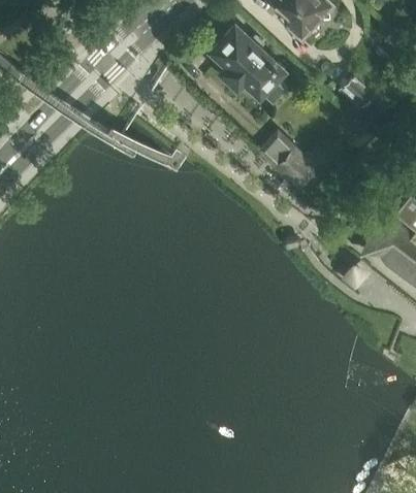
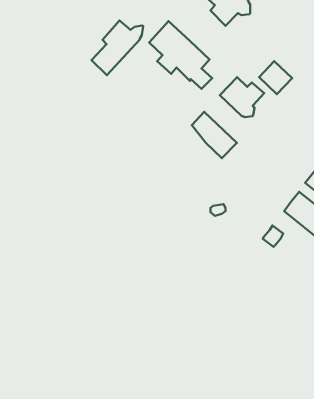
building: none -> [92,21,143,75]
building: none -> [220,77,264,117]

